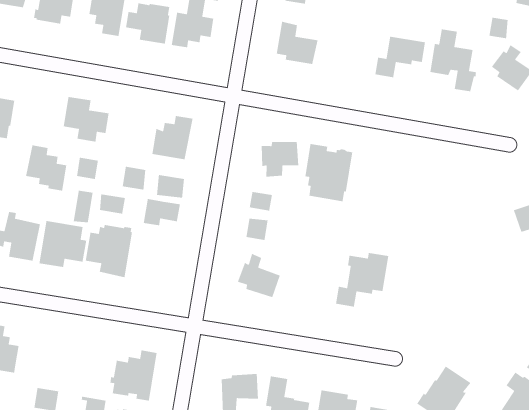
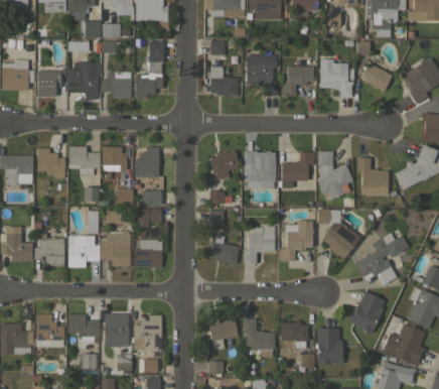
building: none -> [247,54,278,96]
building: none -> [103,147,127,171]
building: [25,145,67,191] -> [37,148,65,177]
building: none -> [282,152,314,188]
building: none -> [317,151,353,202]
building: none -> [357,158,389,196]
building: none -> [318,209,361,260]
building: none -> [135,240,162,267]
building: none -> [244,227,276,264]
building: none -> [355,233,410,284]
building: none -> [68,314,100,349]
building: none -> [105,314,130,347]

